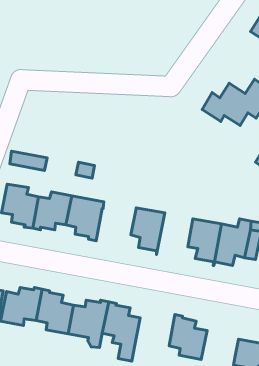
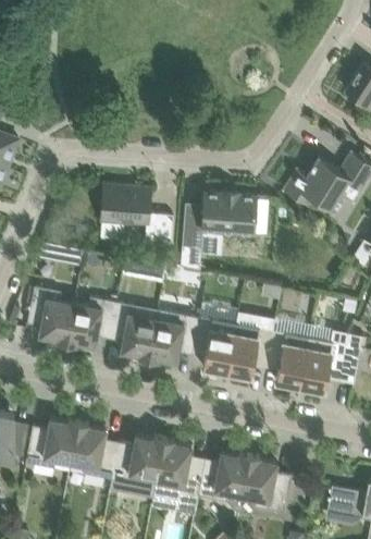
building: none -> [100,185,173,246]
building: none -> [180,192,256,270]
building: none -> [148,310,199,363]
building: none -> [225,311,275,378]
building: none -> [197,453,249,513]

